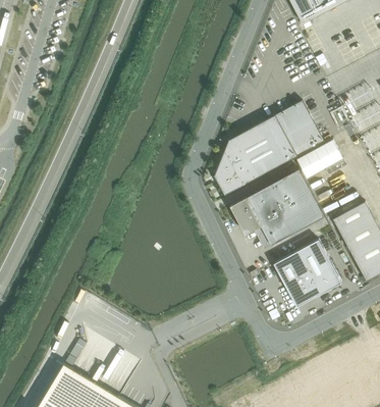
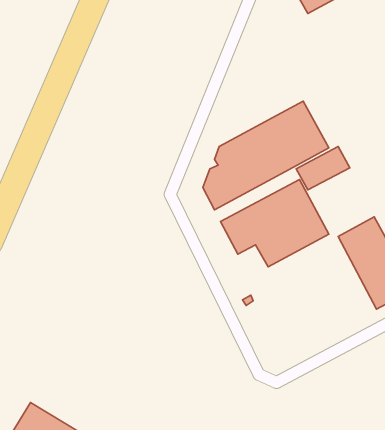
building: [273,241,341,308] -> none

